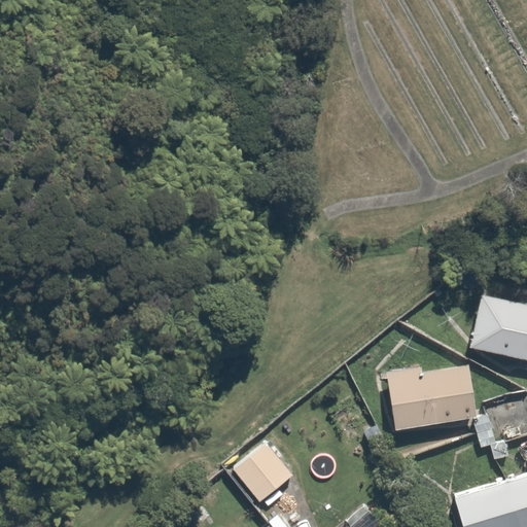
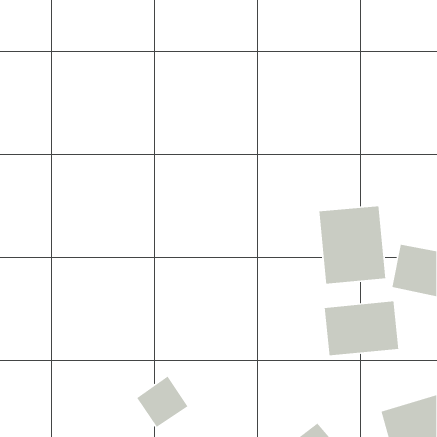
building: none -> [318,205,386,285]
building: [235,444,297,506] -> [136,375,188,428]

